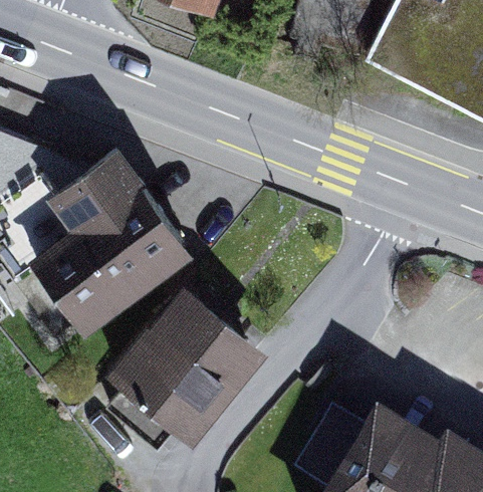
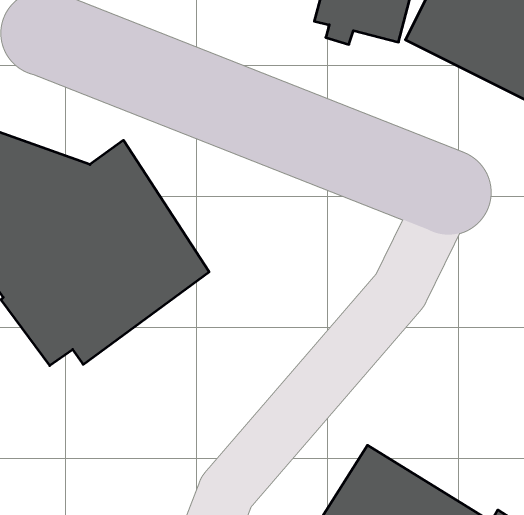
building: [106,280,272,450] -> none

